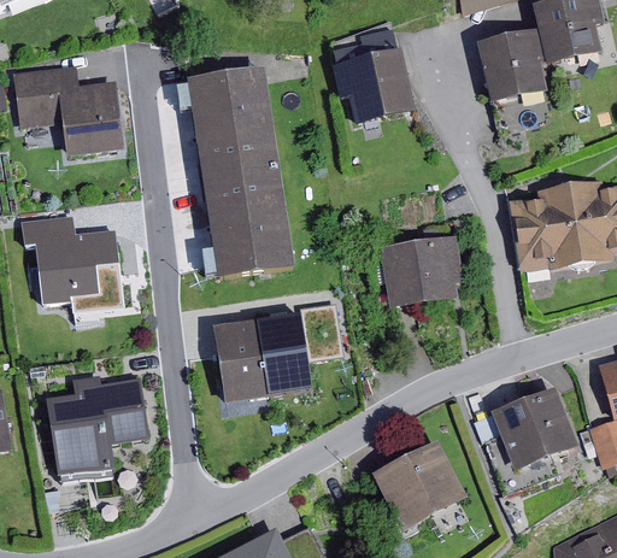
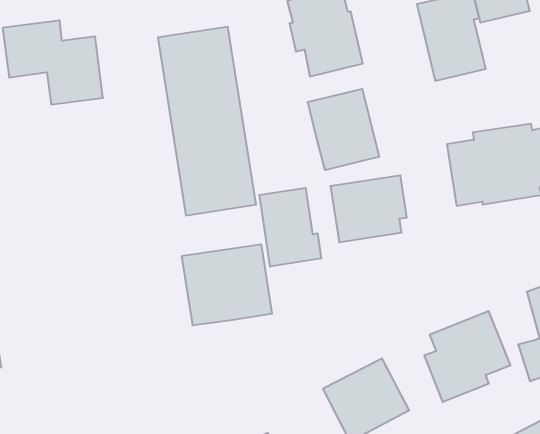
building: none -> [308,89,379,170]
building: [20,212,118,303] -> none
building: none -> [260,188,321,267]
building: [47,372,152,474] -> none

